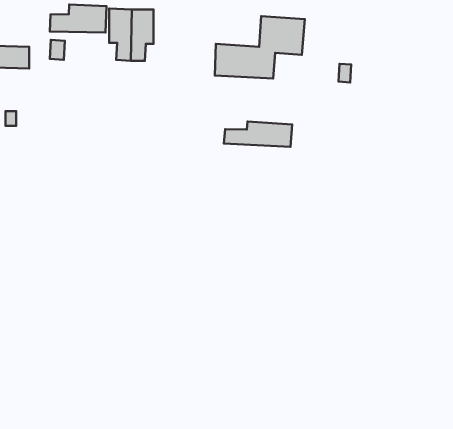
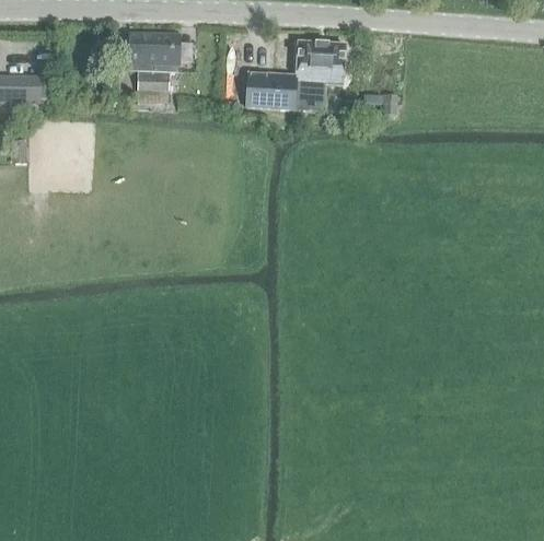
building: [50,5,106,33] -> none
building: [224,122,292,147] -> none

